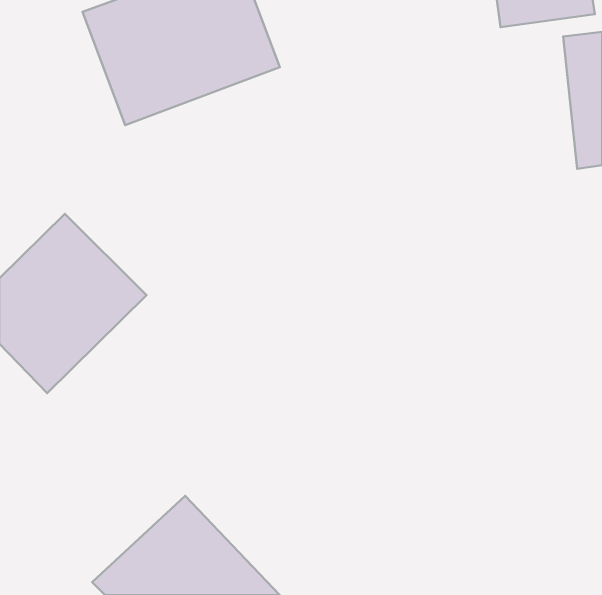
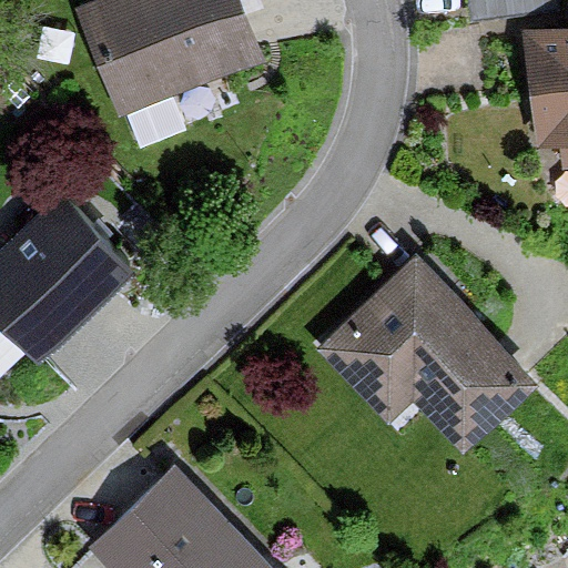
building: none -> [313,248,540,455]

